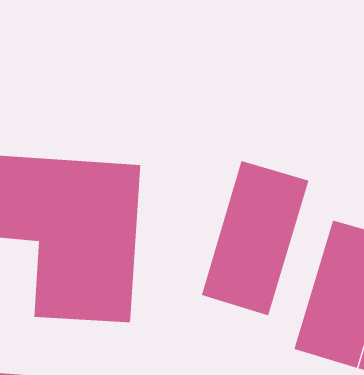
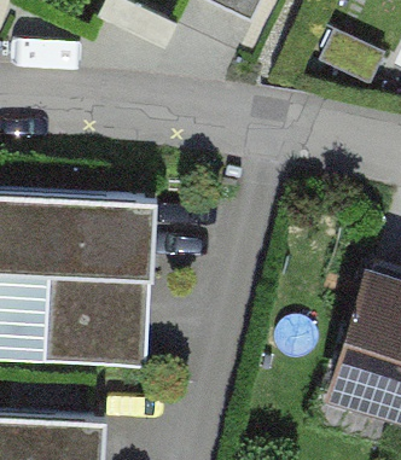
building: [201,160,309,316] -> none

